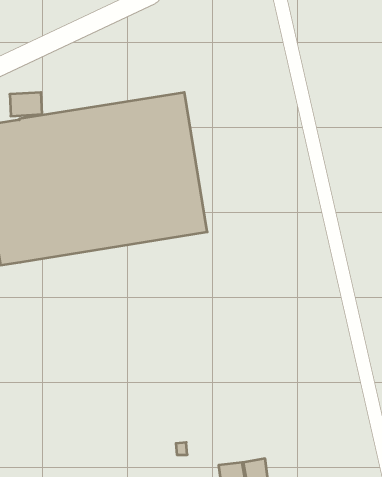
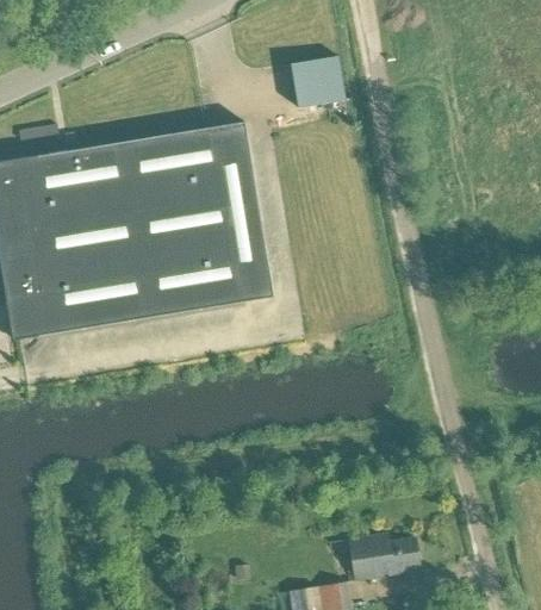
building: none -> [290,56,344,107]
building: none -> [348,533,421,580]

